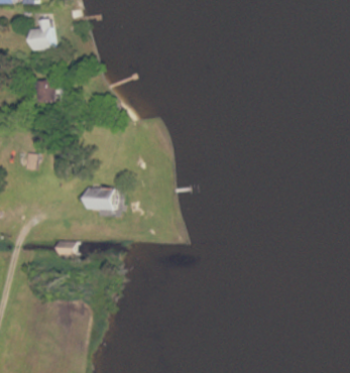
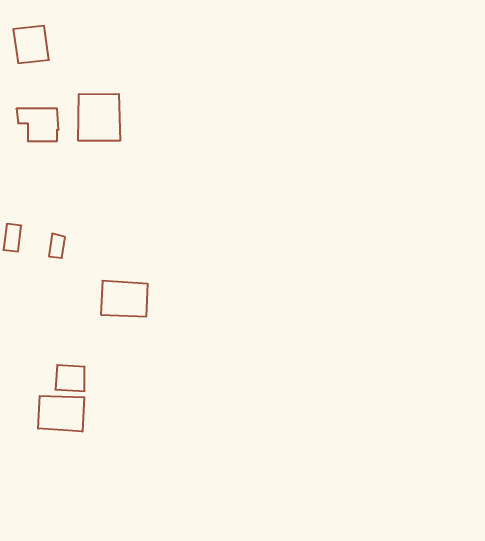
building: none -> [78,94,120,141]
building: none -> [38,396,84,432]

